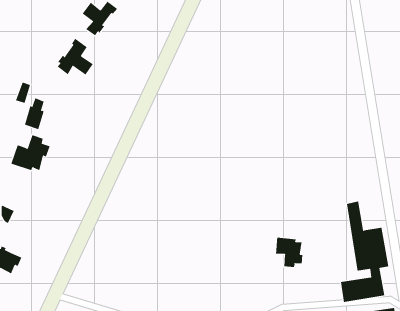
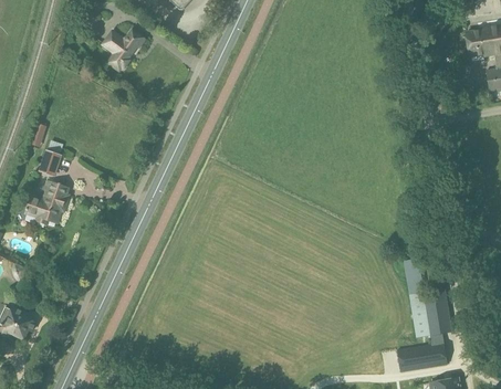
building: [57,38,93,75] -> none
building: [276,237,303,268] -> none

